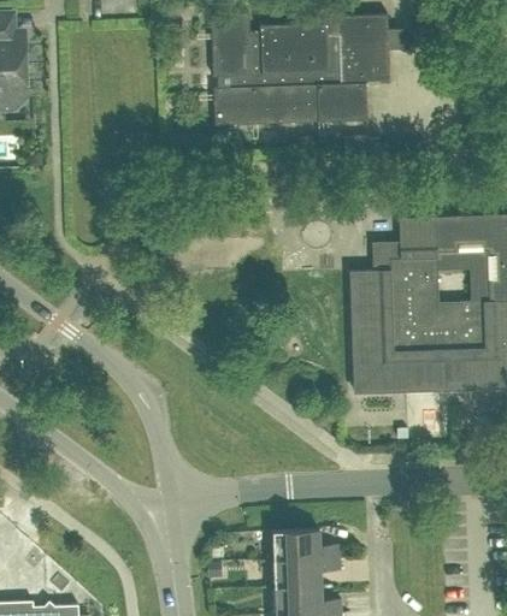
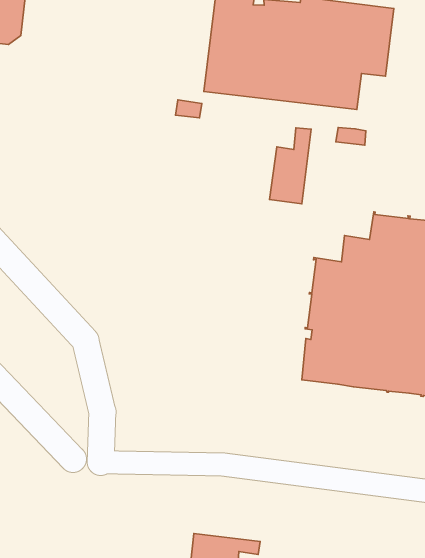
building: none -> [270,128,311,204]
building: [272,531,340,561] -> none

